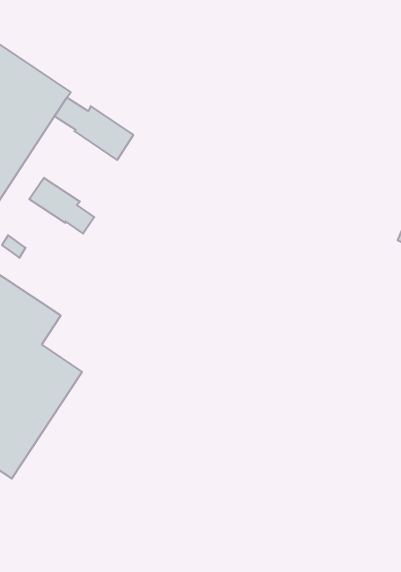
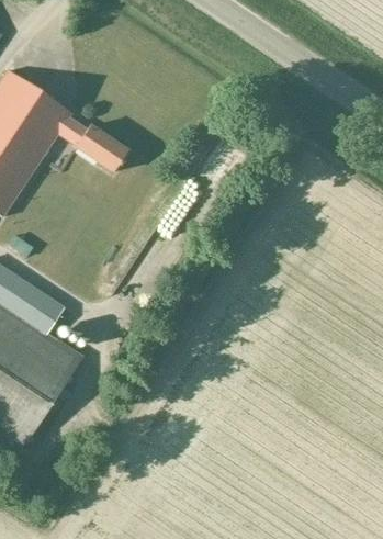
building: [29,178,94,234] -> none

